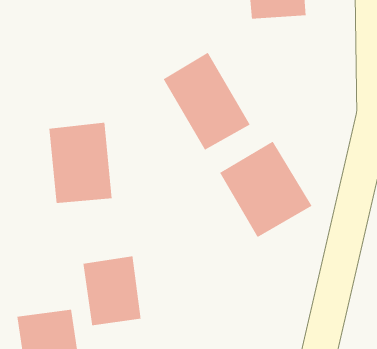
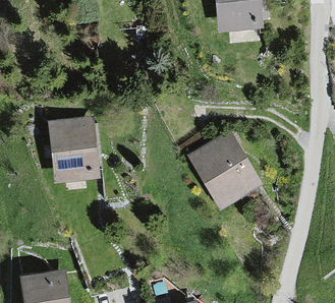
building: [163,52,250,151] -> none
building: [83,255,141,326] -> none

